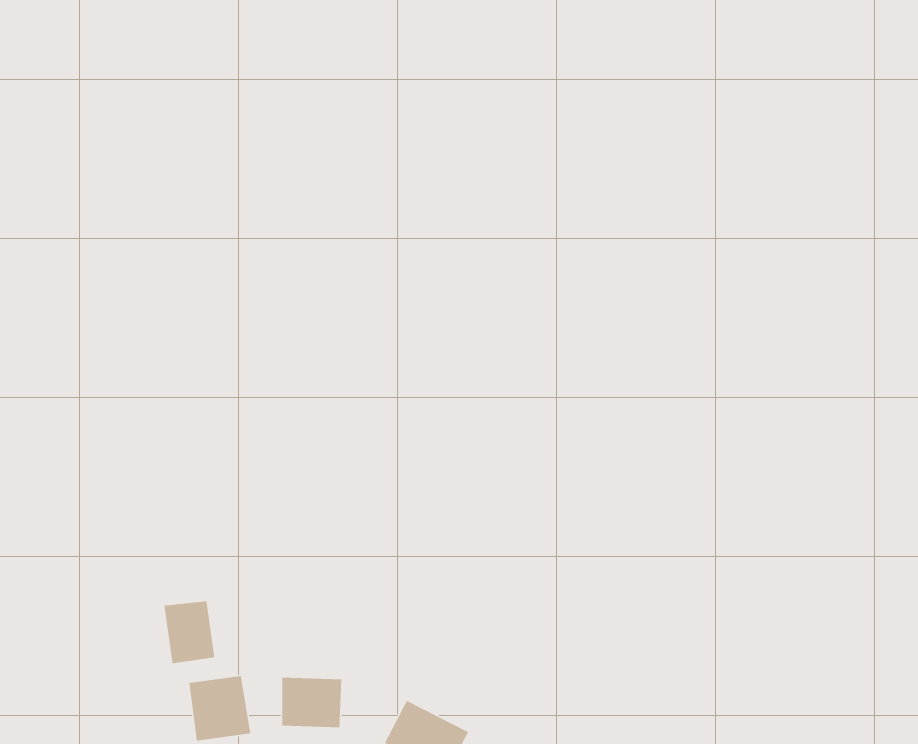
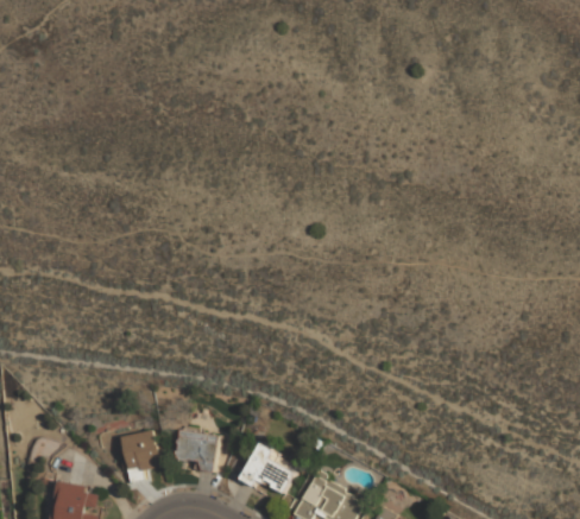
building: [164,601,215,664] -> none

